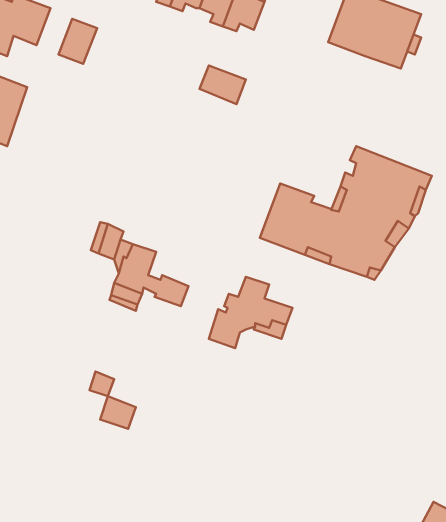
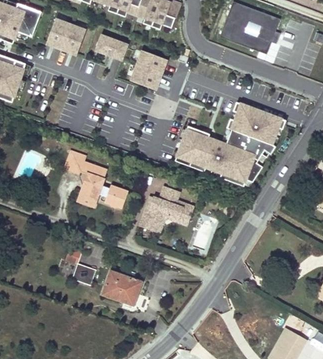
building: none -> [61,26,85,55]
building: none -> [96,35,128,60]
building: none -> [130,65,160,89]
building: none -> [102,271,141,305]

